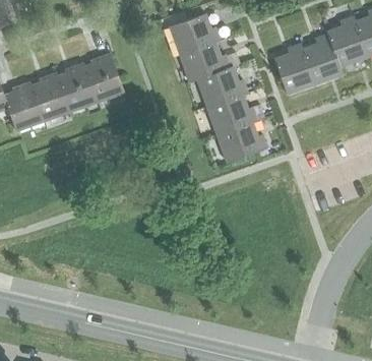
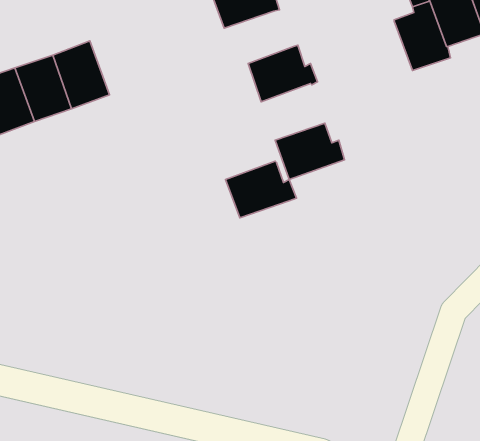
building: [180,42,230,82] -> none
building: [273,44,315,95] -> none
building: [83,54,124,102] -> none
building: [206,94,257,134] -> [226,161,296,218]

